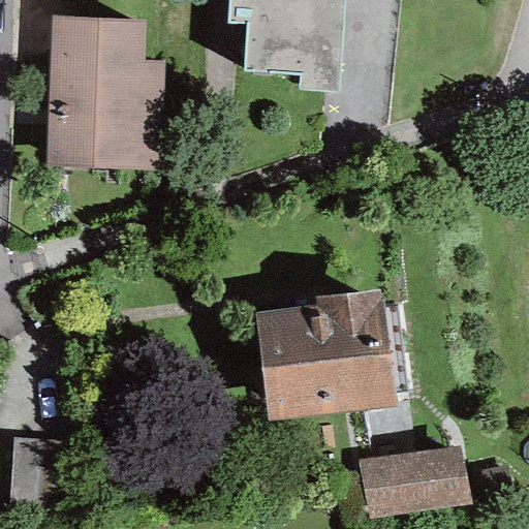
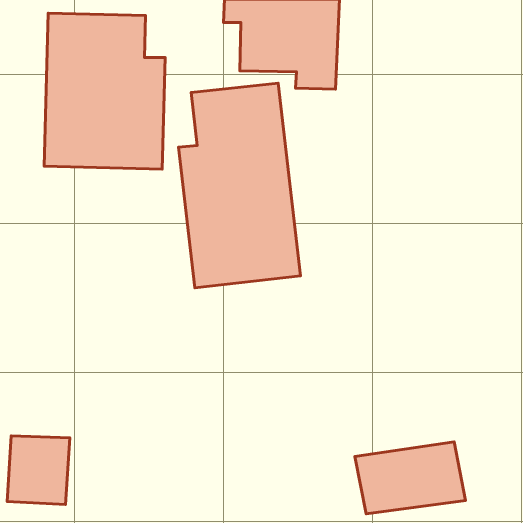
building: none -> [179,83,300,288]
building: [255,289,396,421] -> none

